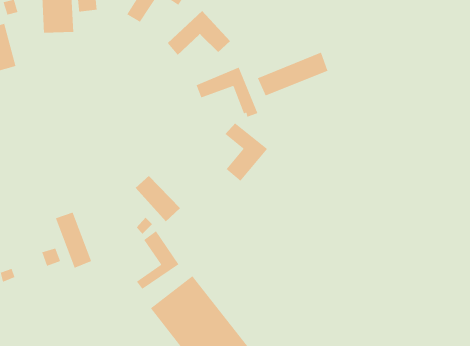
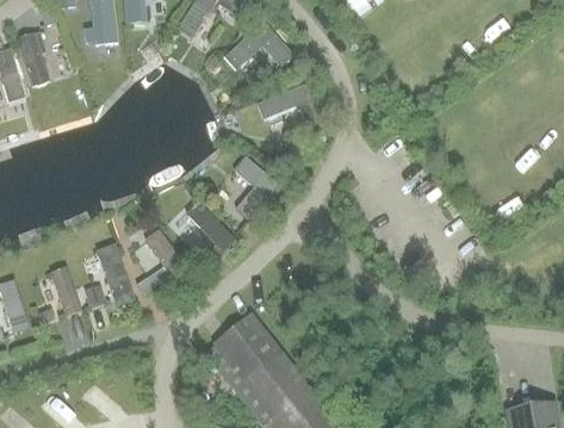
building: [257,52,329,97] -> none
building: [225,122,268,182] -> [233,155,281,222]
building: [136,230,179,290] -> [135,227,184,293]
building: none -> [52,266,87,316]

